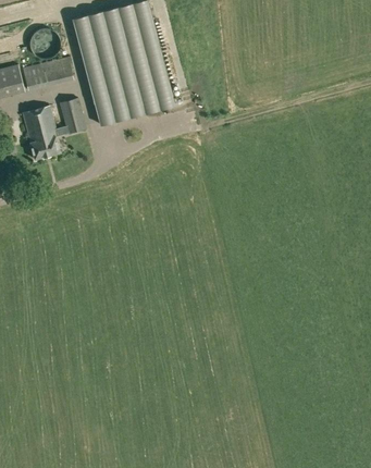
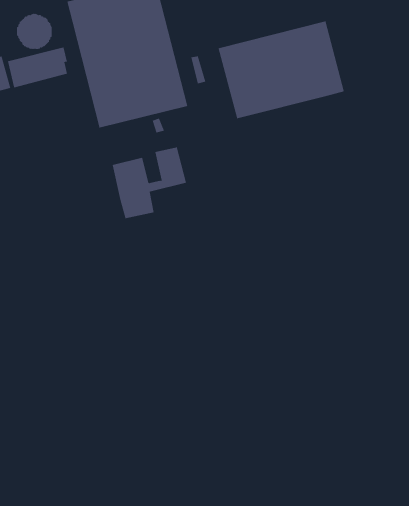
building: none -> [218,20,345,119]
building: [23,97,86,158] -> [112,147,187,219]

